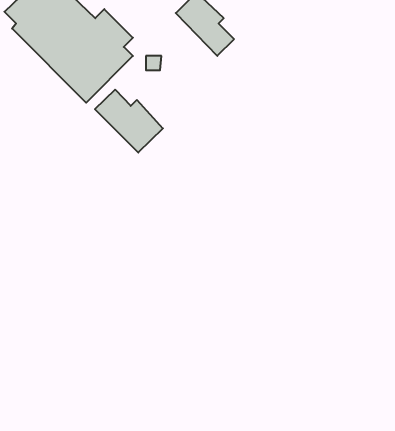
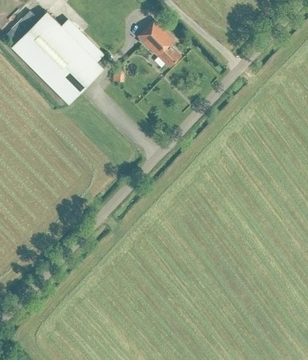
building: [95,90,163,153] -> none

